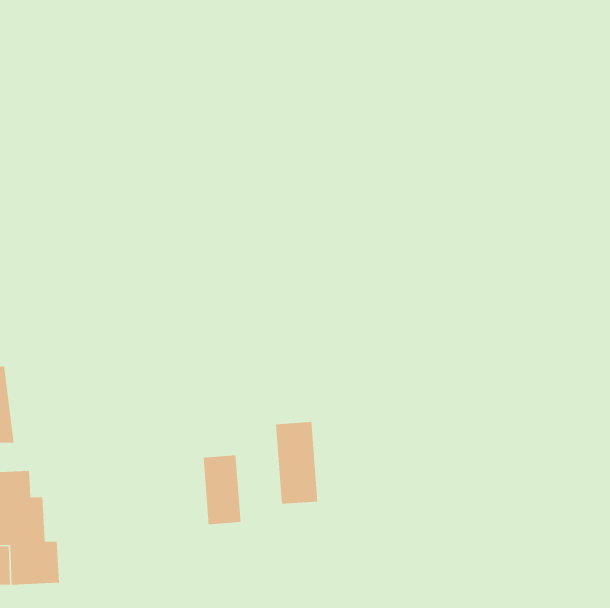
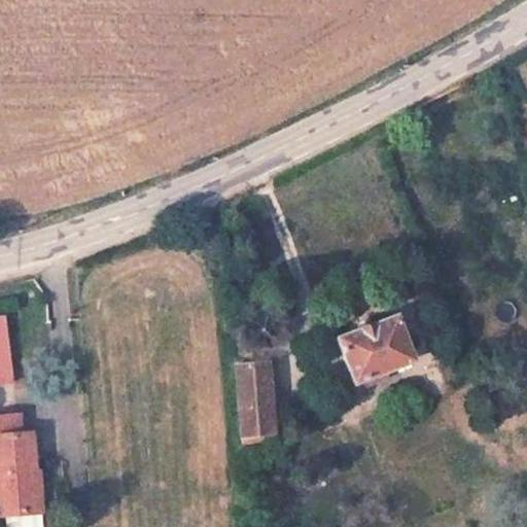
building: none -> [341,324,408,382]
building: [203,455,241,525] -> none

